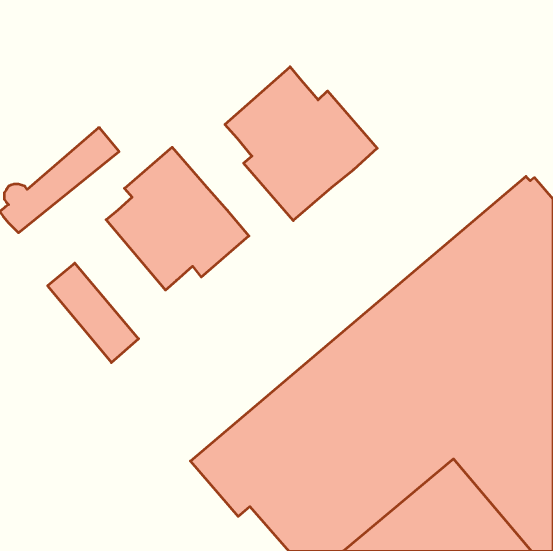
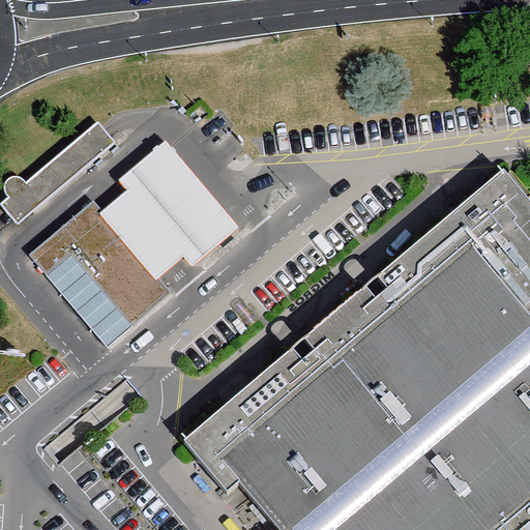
building: [225,67,377,221] -> none
building: none -> [29,200,171,324]

